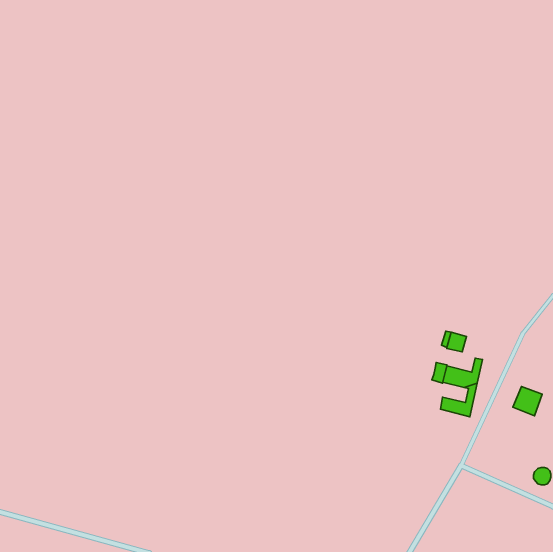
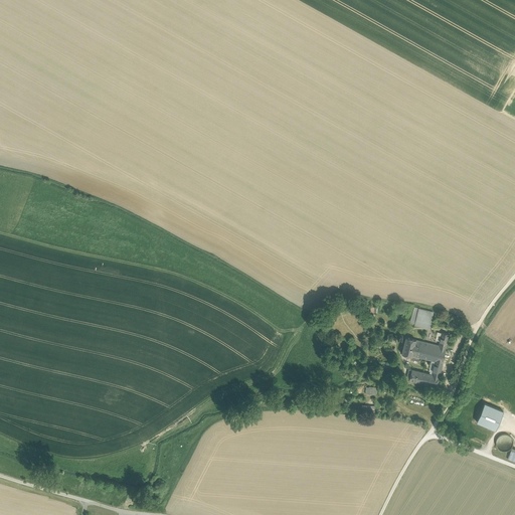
building: [513,387,542,416] -> [474,403,501,431]

